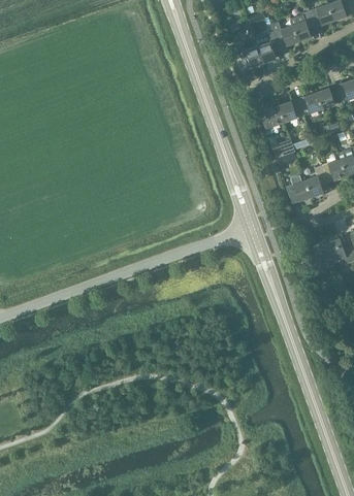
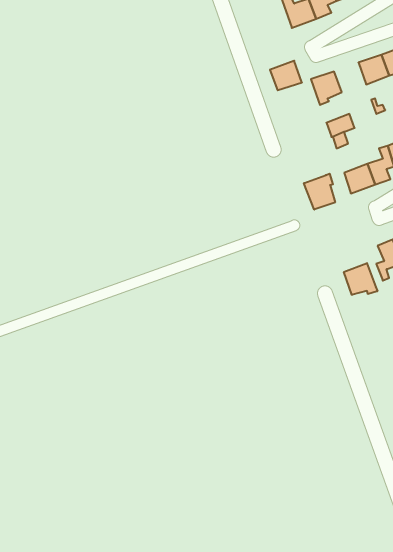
building: [279,98,304,122] -> [270,61,302,90]
building: none -> [304,174,335,210]
building: none -> [344,263,377,295]

